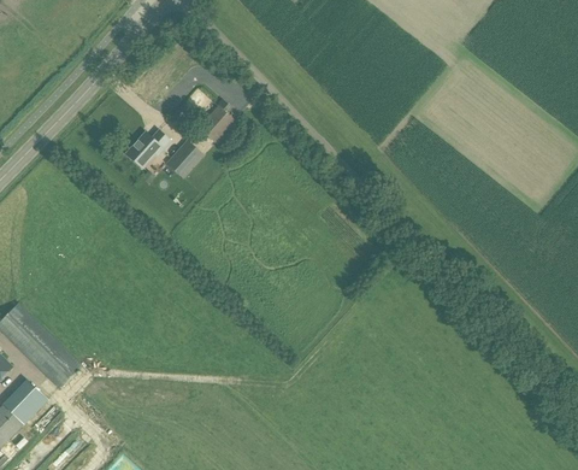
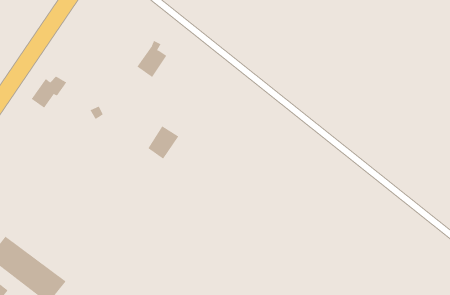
building: [126,129,171,165] -> [31,76,67,108]
building: [166,137,205,177] -> [147,125,179,159]

